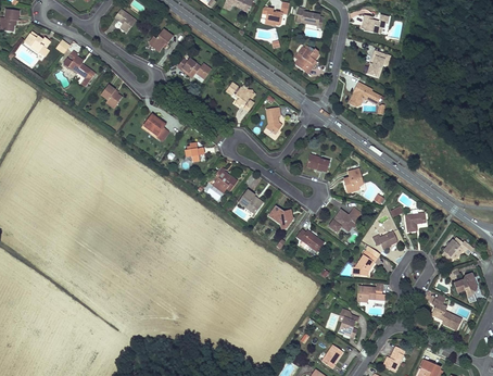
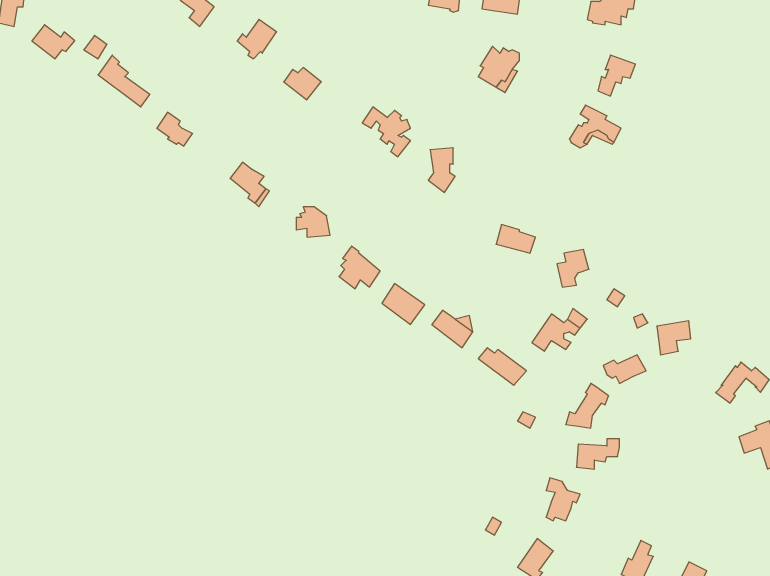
building: [433,297,464,331] -> none

